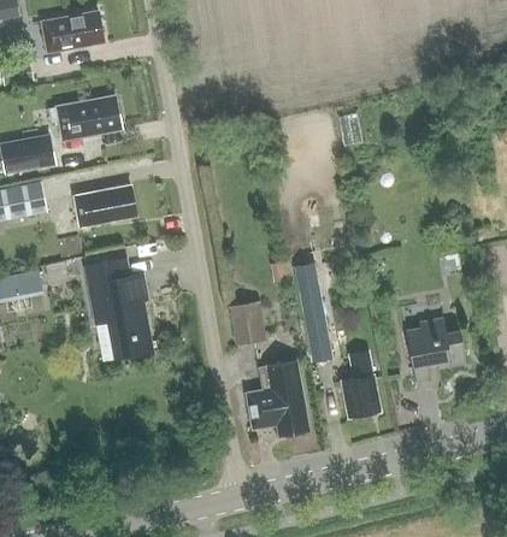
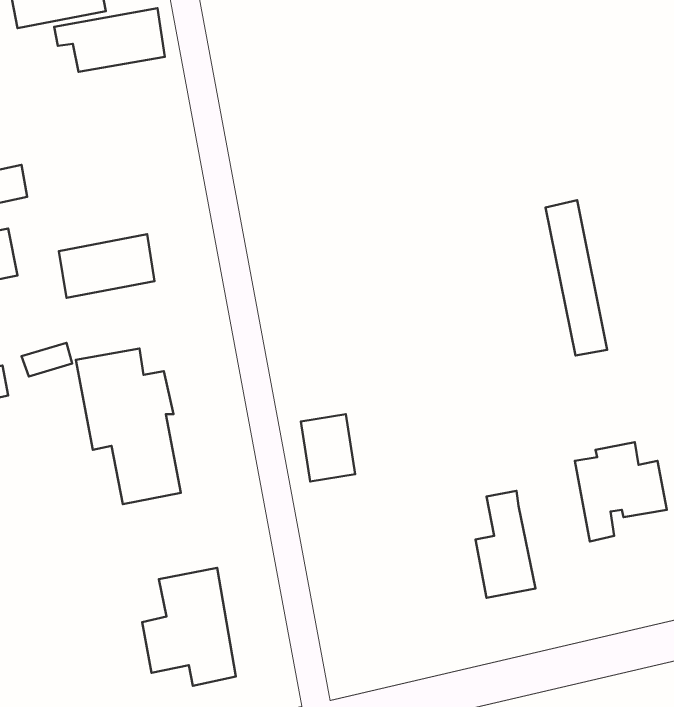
building: [48,98,119,138] -> [54,8,165,72]
building: [294,262,334,362] -> [545,200,607,356]
building: [247,360,307,436] -> [142,568,236,686]

